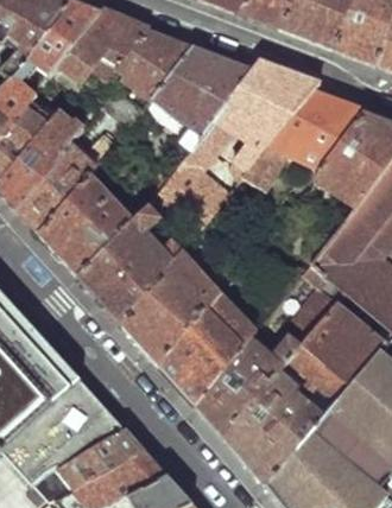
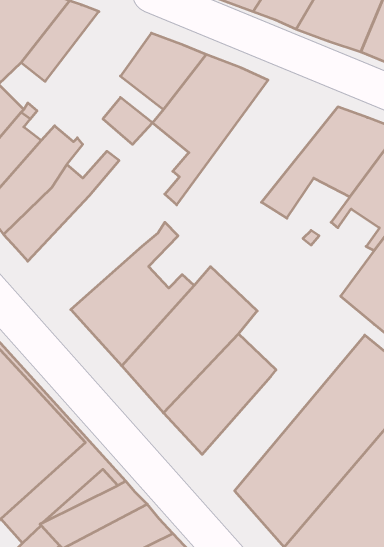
building: [53,8,148,94] -> none
building: [159,61,323,237] -> none
building: [38,174,139,275] -> none
building: [192,263,344,436] -> none

